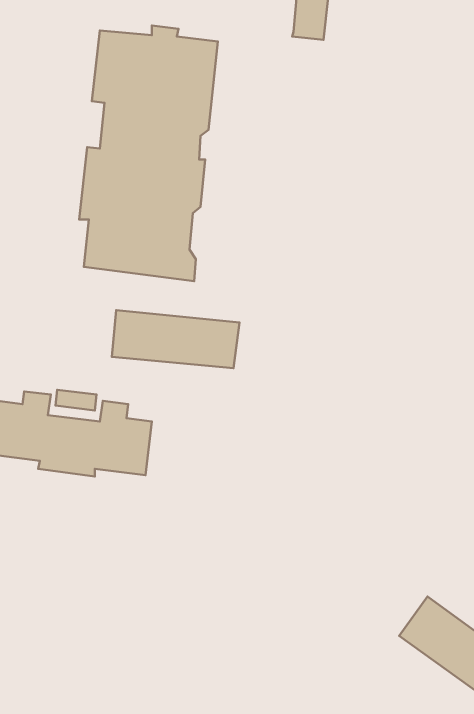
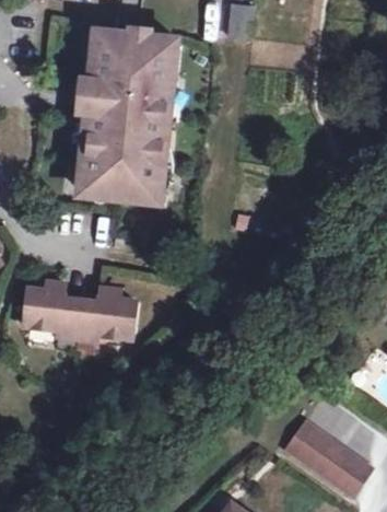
building: [112,310,239,368] -> none

